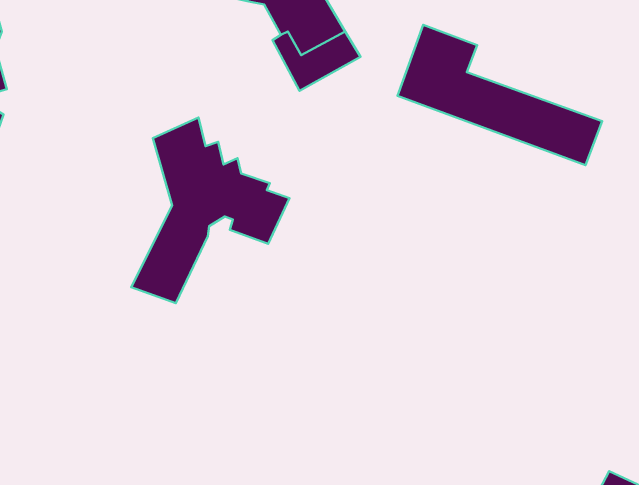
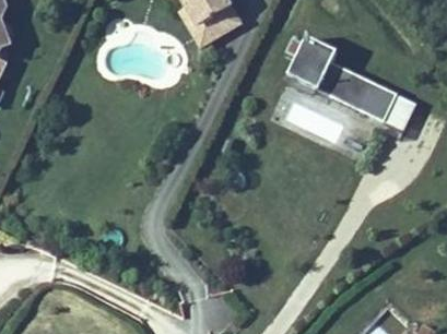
building: [131,117,289,303] -> none

